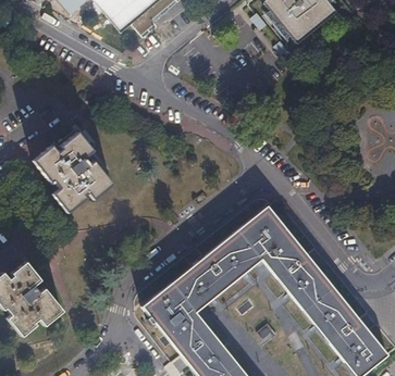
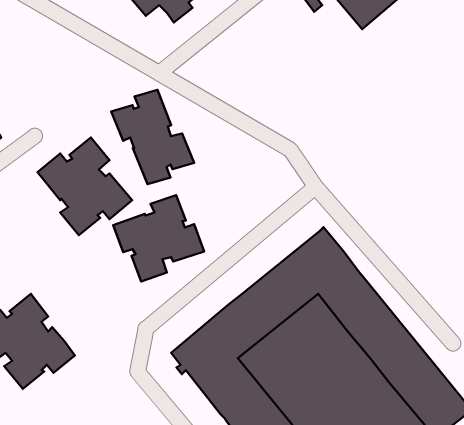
building: none -> [111,90,194,184]
building: none -> [113,195,204,281]

